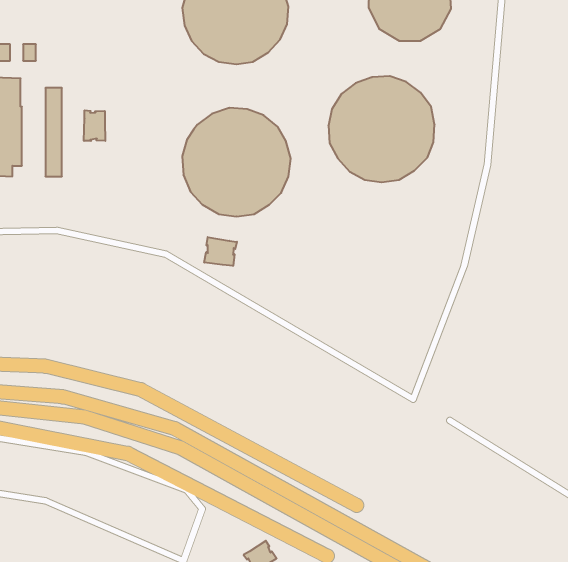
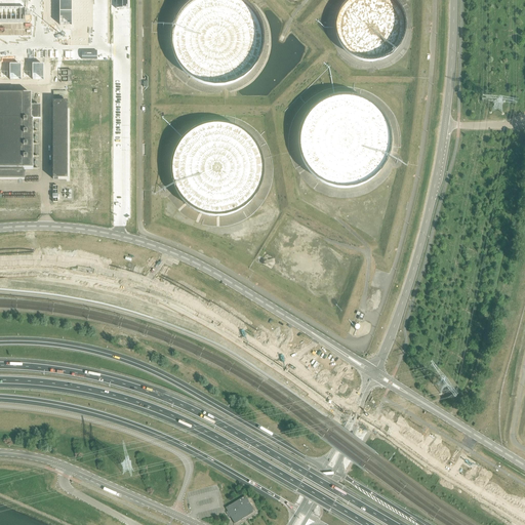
building: [84,110,105,141] -> none
building: [204,237,237,266] -> none

